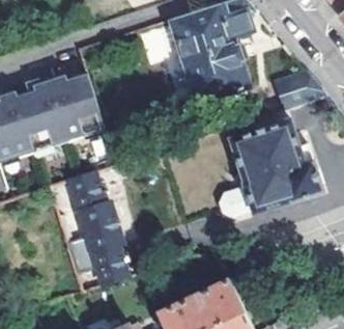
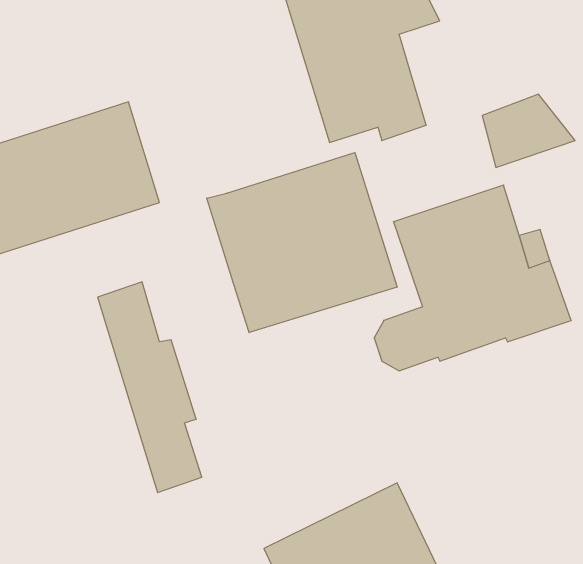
building: none -> [207,153,397,333]

